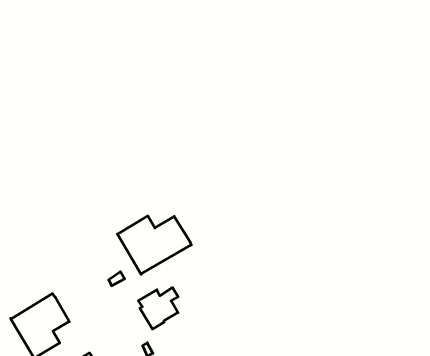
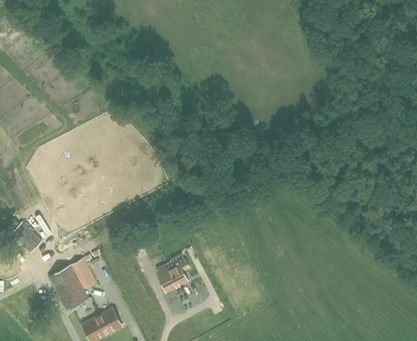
building: [117,216,191,274] -> none

